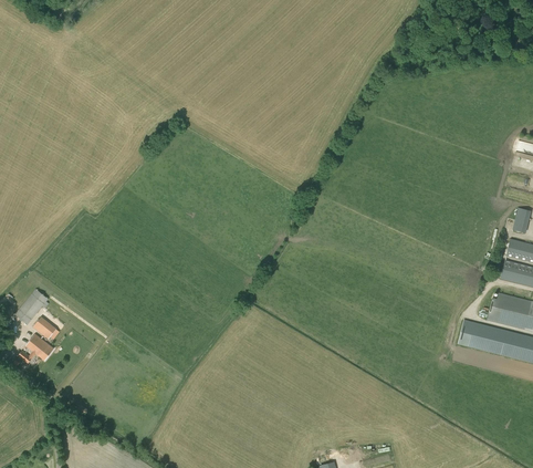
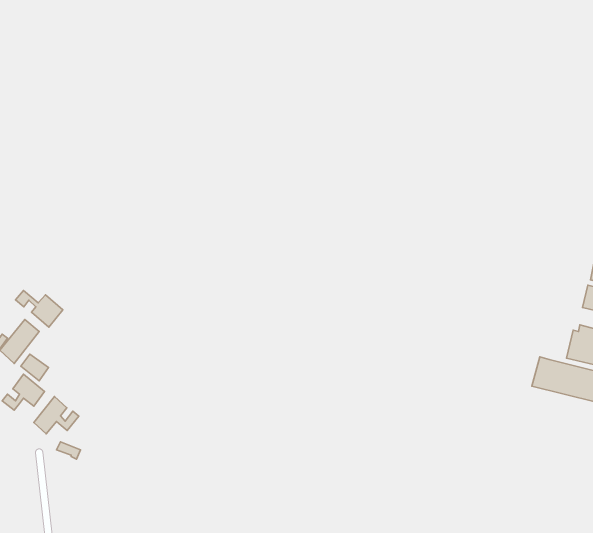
building: none -> [15,291,63,327]
building: none -> [34,397,79,434]

